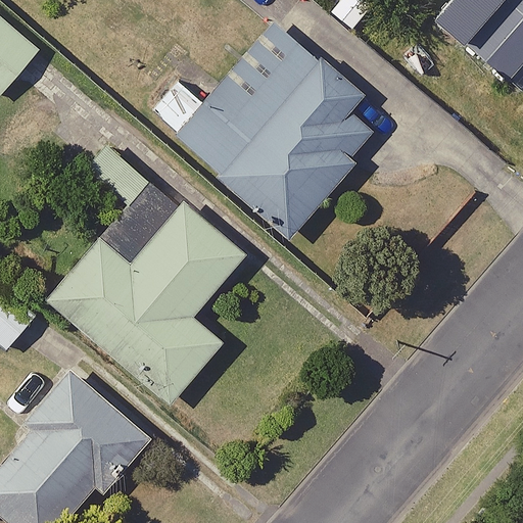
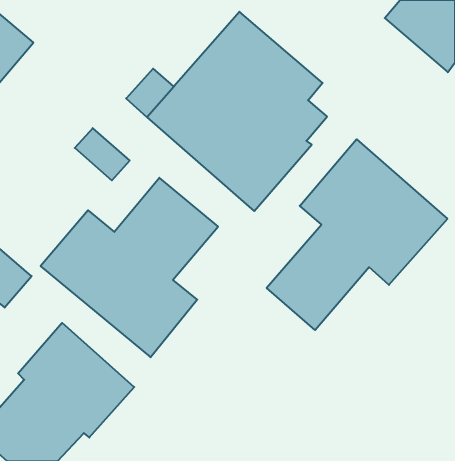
building: none -> [267,139,447,330]

